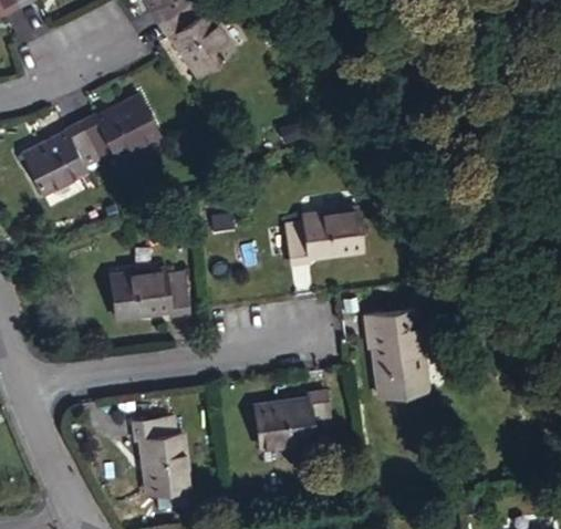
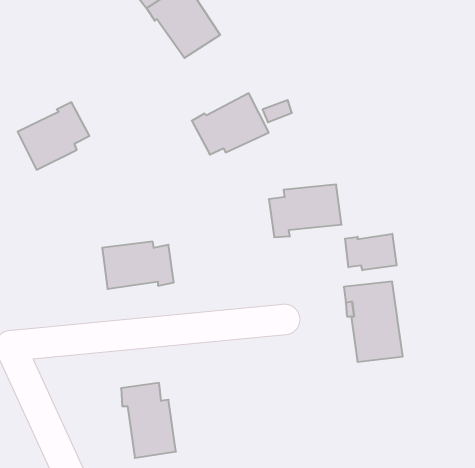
building: [80,94,160,158] -> [192,93,269,155]
building: none -> [345,234,397,270]
building: [254,392,330,447] -> none

